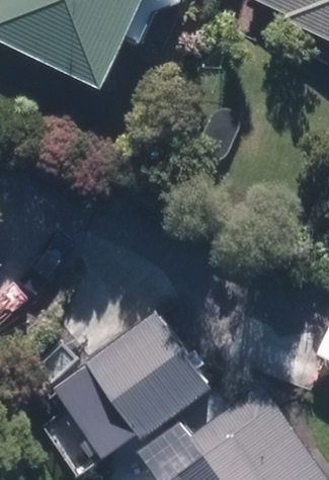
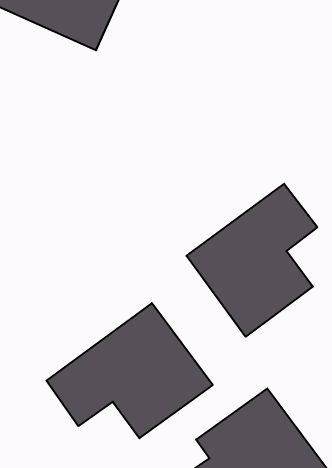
building: none -> [186,184,317,337]

